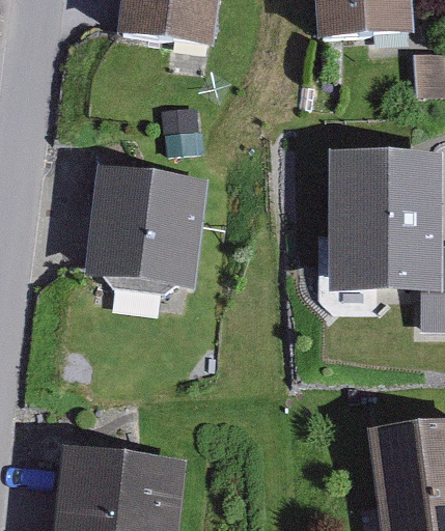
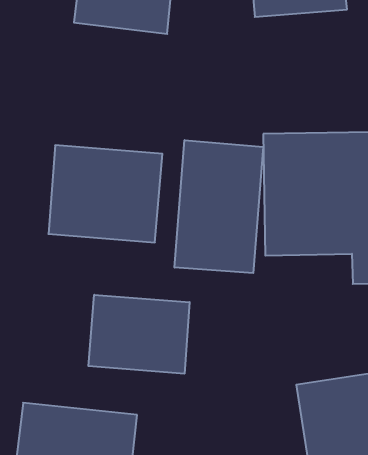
building: none -> [175,140,263,273]
building: none -> [88,295,190,374]

